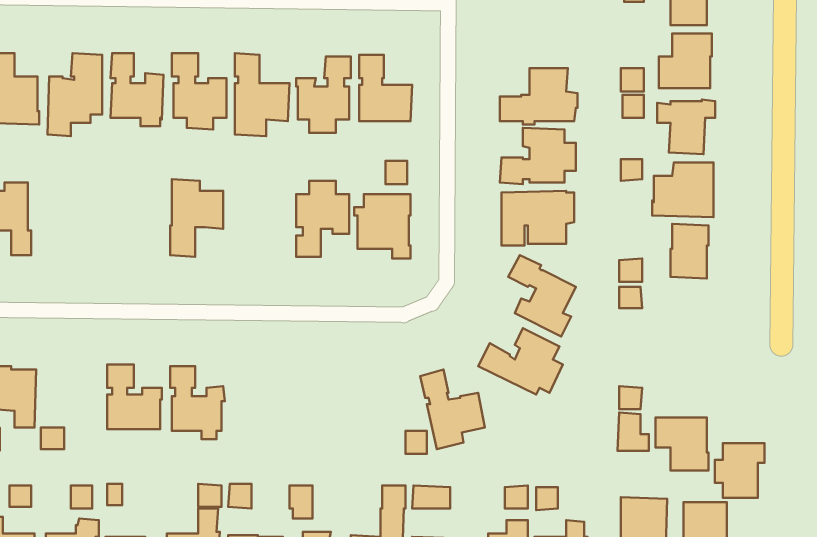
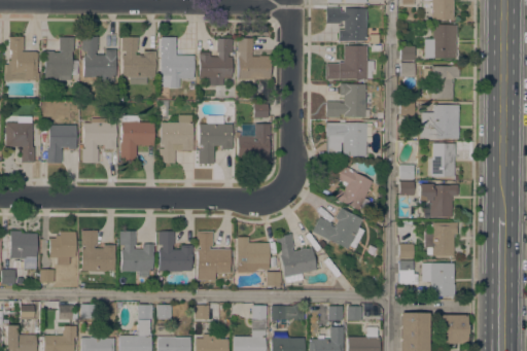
building: none -> [326,7,367,40]
building: none -> [160,114,194,162]
building: none -> [82,117,116,161]
building: none -> [47,125,76,162]
building: none -> [419,183,457,216]
building: none -> [49,231,75,265]
building: none -> [159,231,192,271]
building: none -> [197,231,231,280]
building: none -> [237,236,269,272]
building: [715,443,764,498] -> [427,221,458,255]

